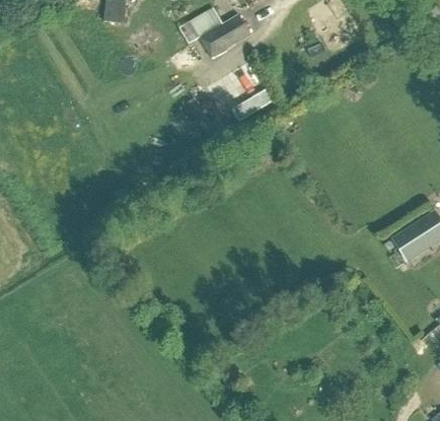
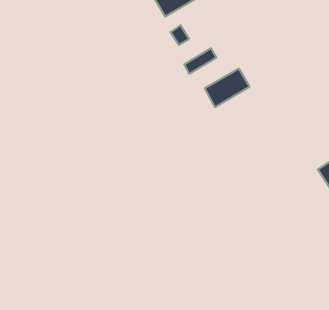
building: none -> [205,69,249,107]

